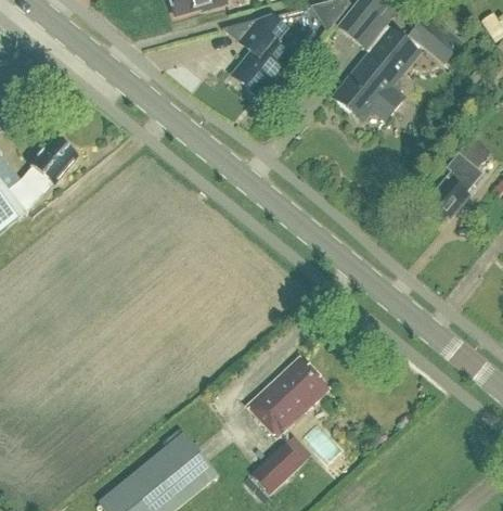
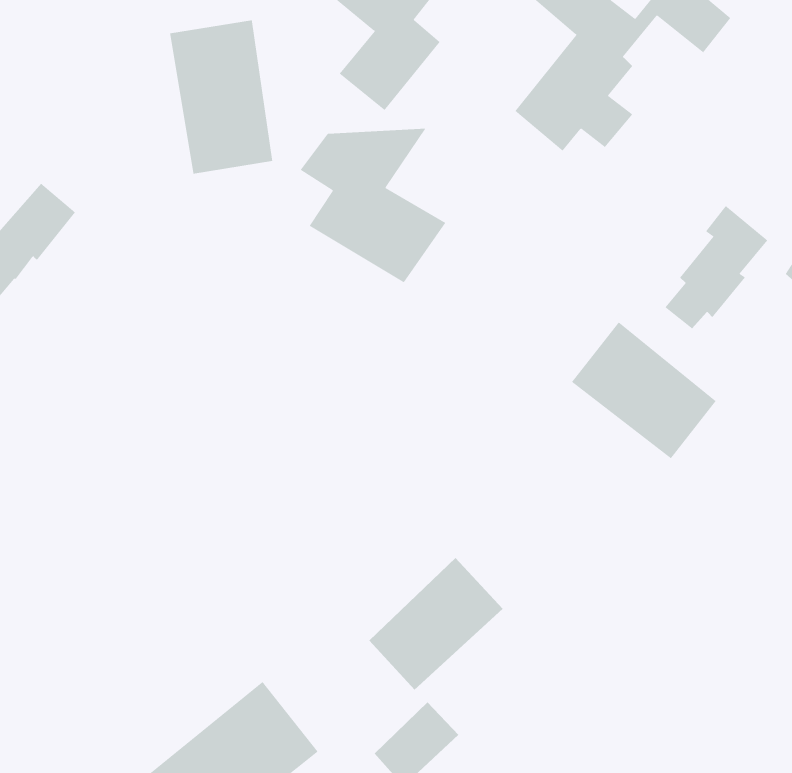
building: none -> [170,20,273,174]
building: none -> [300,128,446,283]
building: none -> [571,321,717,459]

